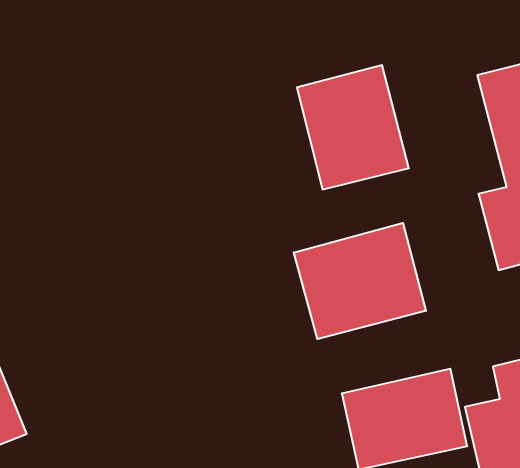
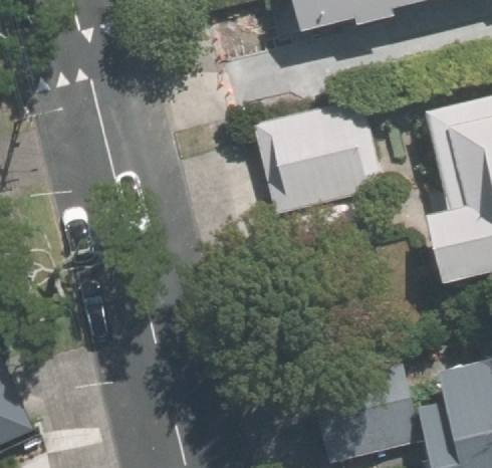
building: [294,223,426,339] -> none

